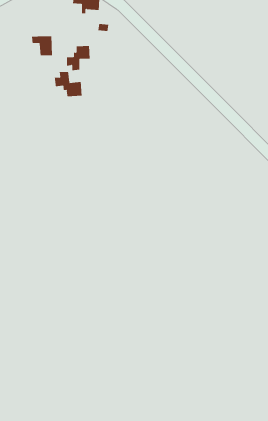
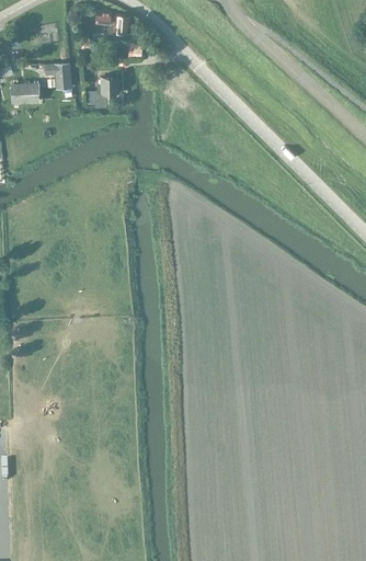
building: none -> [11,84,38,102]
building: [54,71,82,97] -> none

